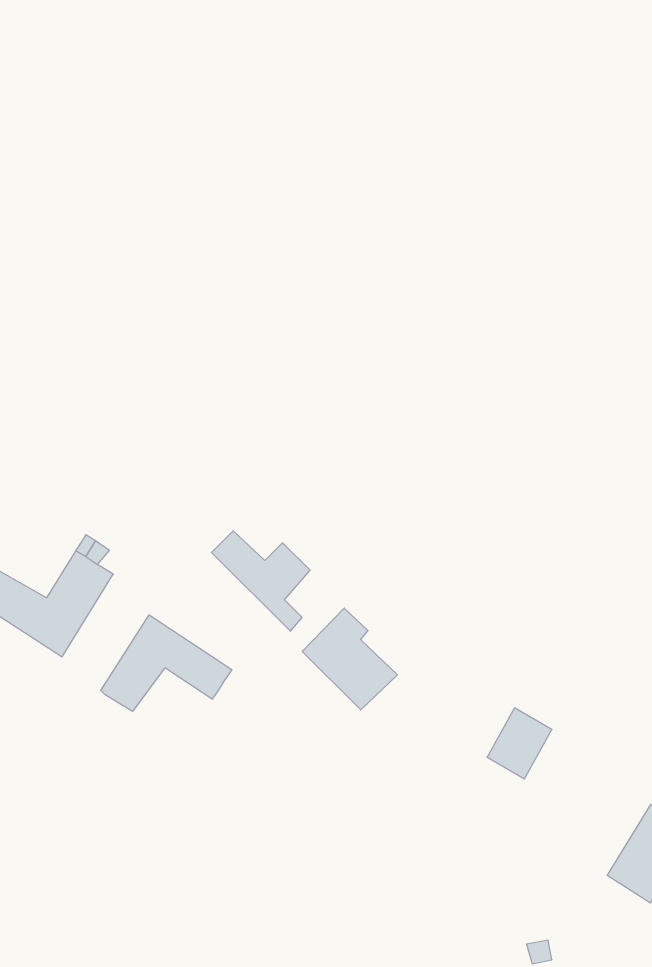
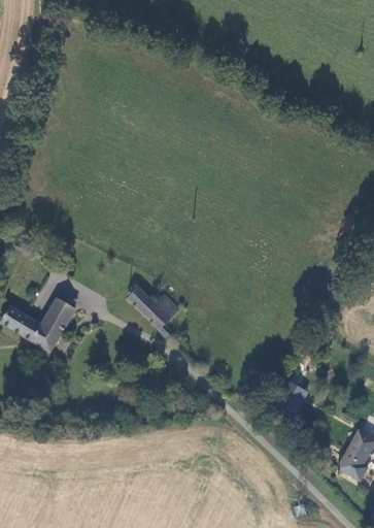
building: [302,608,397,710] -> none
building: [101,615,232,711] -> none

